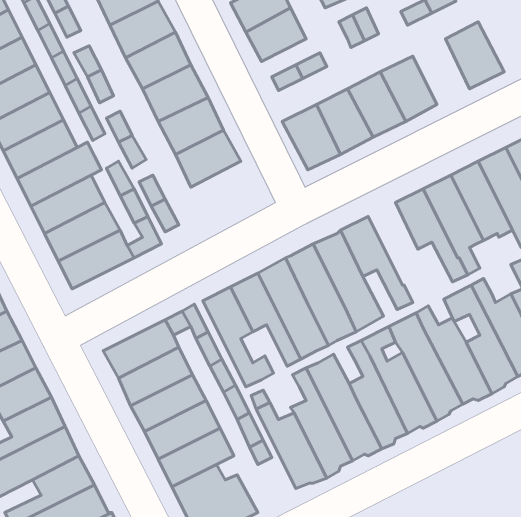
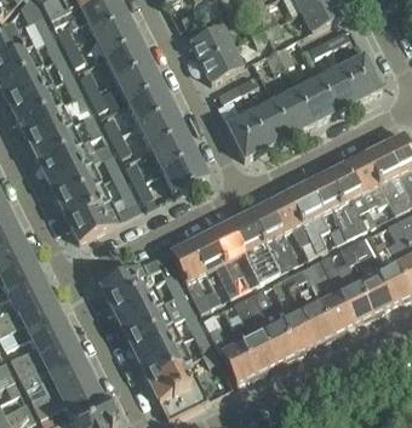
building: none -> [317,64,357,110]
building: none -> [161,150,208,192]
building: none -> [286,179,330,250]

